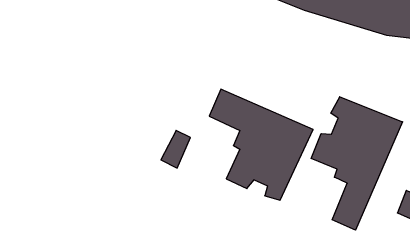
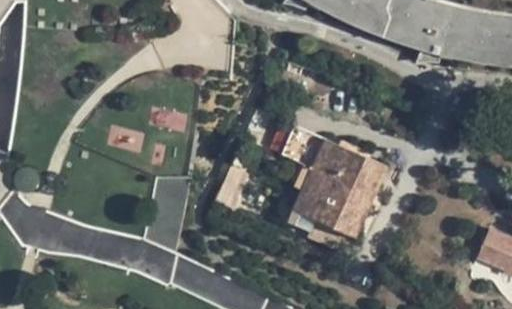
building: [311,97,403,230] -> none

